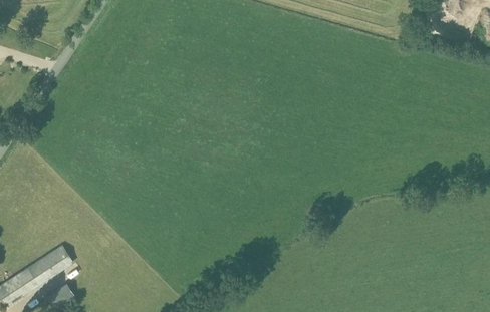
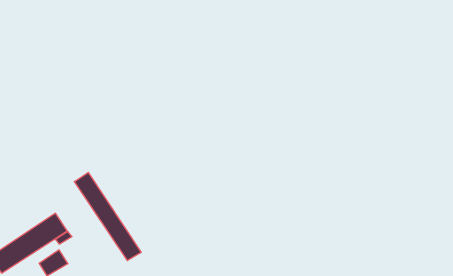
building: none -> [74,172,141,261]

